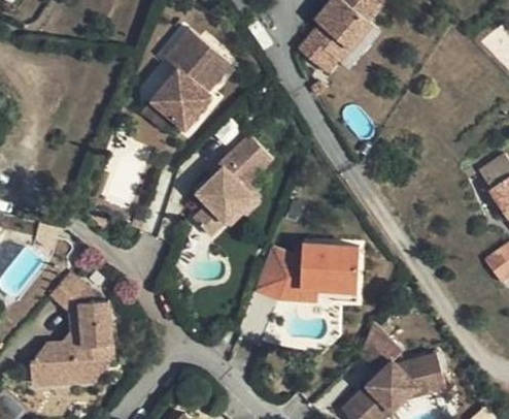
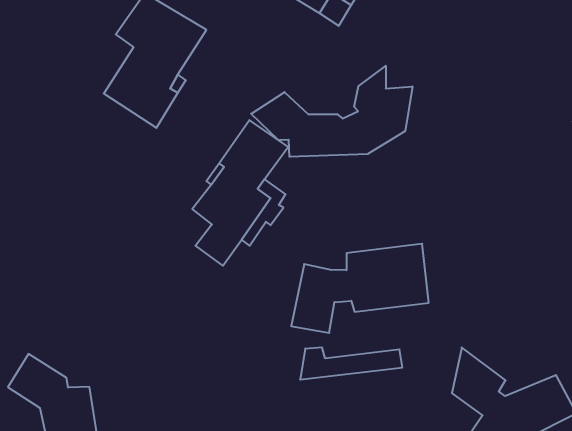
building: none -> [251,66,412,157]
building: [281,275,357,299] -> [300,347,402,380]

